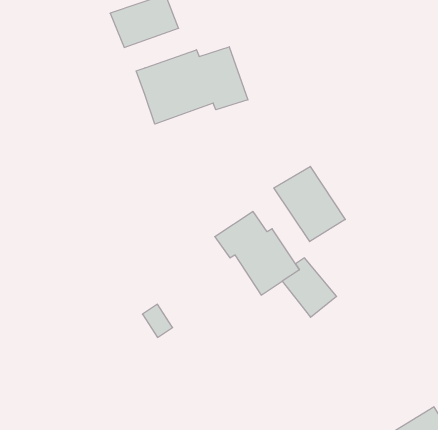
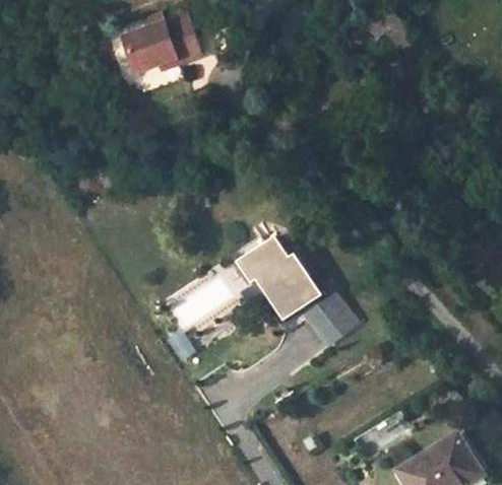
building: [136,47,248,124] -> none
building: [274,166,345,242] -> none

